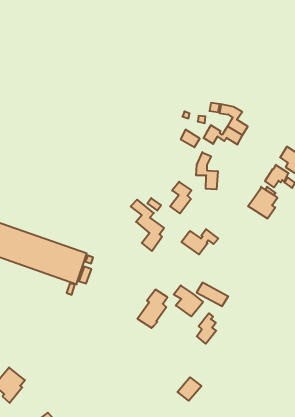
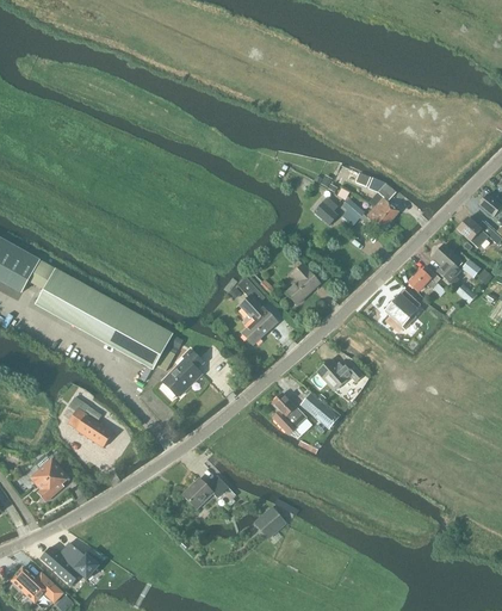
building: [196,152,218,189] -> none
building: [181,229,218,254] -> [315,358,361,389]
building: [137,290,167,328] -> [161,348,203,395]
building: [197,313,216,344] -> none
building: none -> [68,396,112,446]
building: none -> [181,475,228,508]

